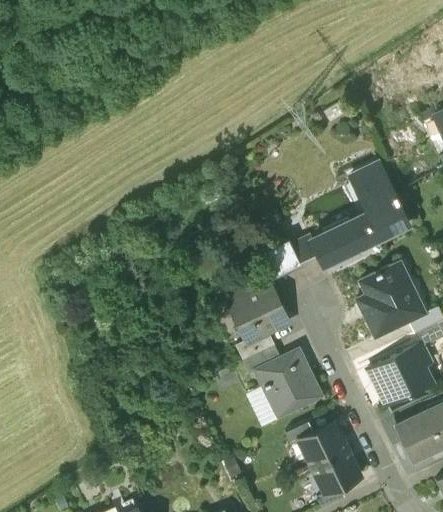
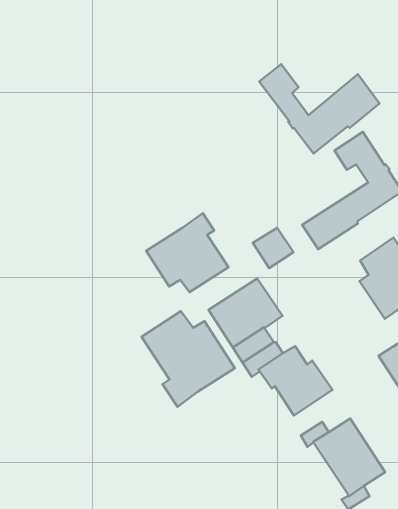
building: none -> [259,64,380,154]
building: none -> [146,213,229,292]
building: none -> [141,311,235,407]

